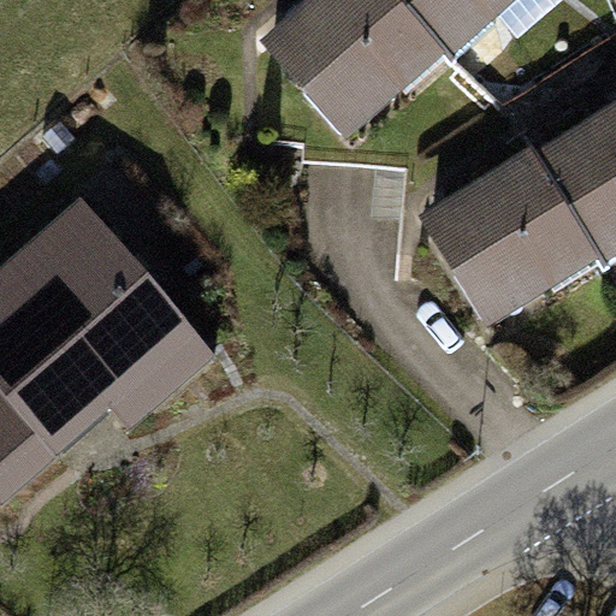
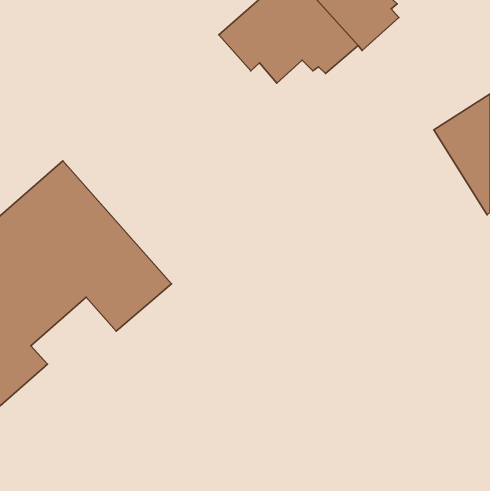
building: [430,155,602,290] -> none

